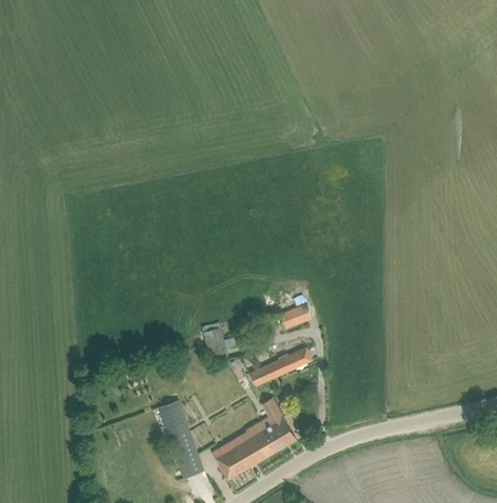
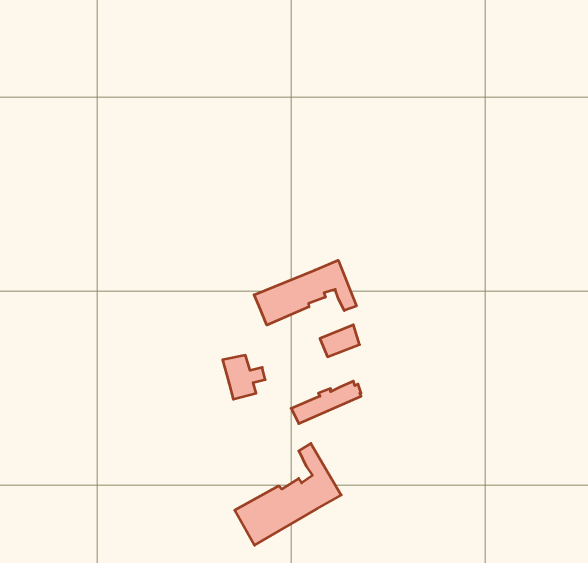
building: none -> [254,260,356,325]
building: [158,400,202,478] -> none

